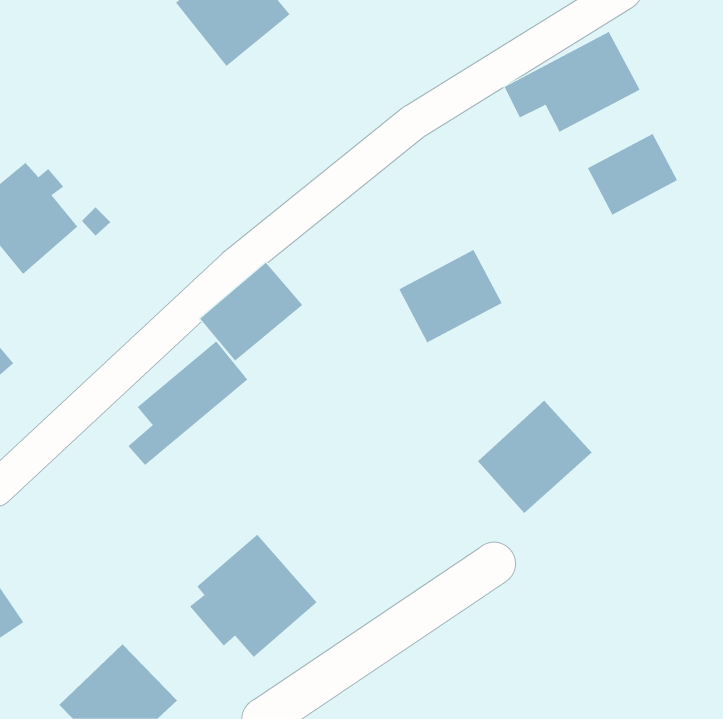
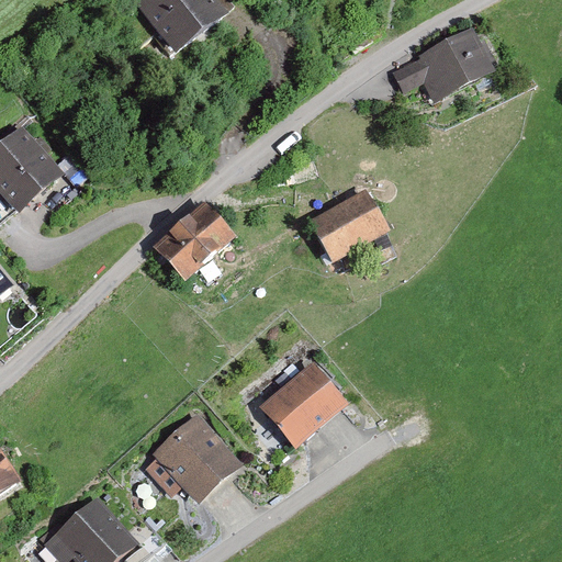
building: [587,133,678,215] -> none
building: [127,341,248,466] -> none
building: [477,400,592,514] -> [258,359,347,447]

